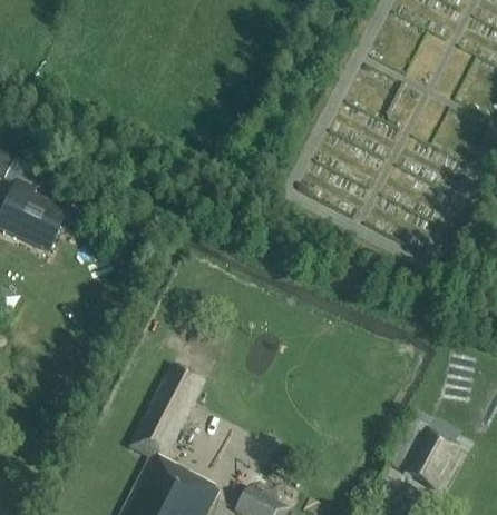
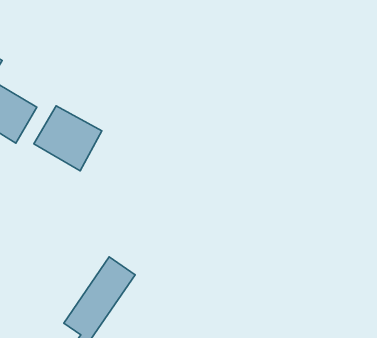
building: none -> [34,106,102,171]

